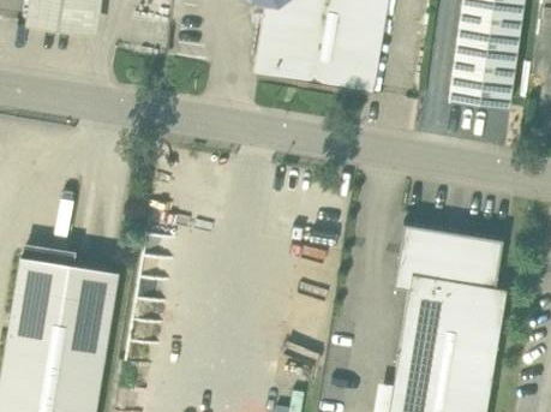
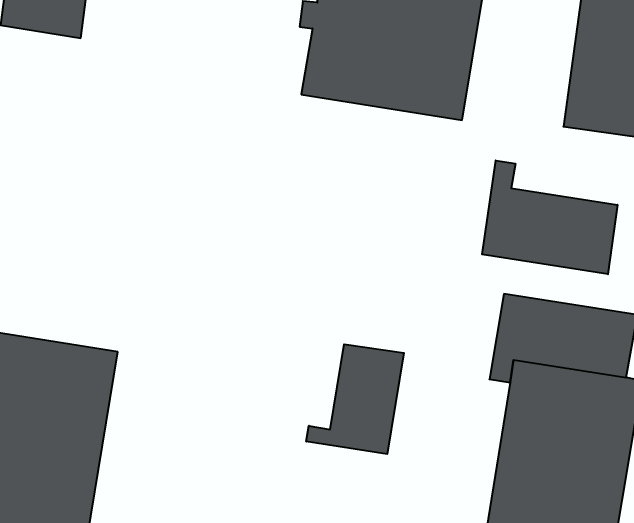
building: none -> [482,160,617,274]
building: none -> [306,344,404,454]

